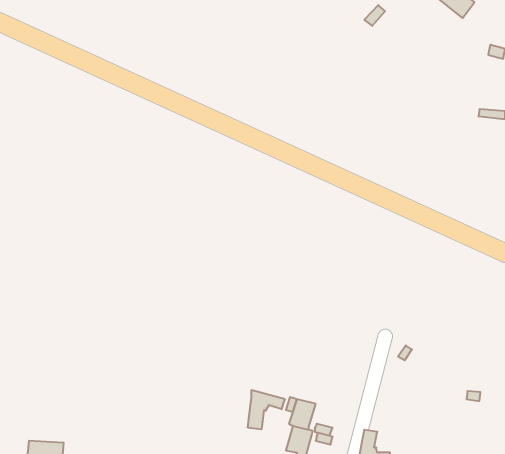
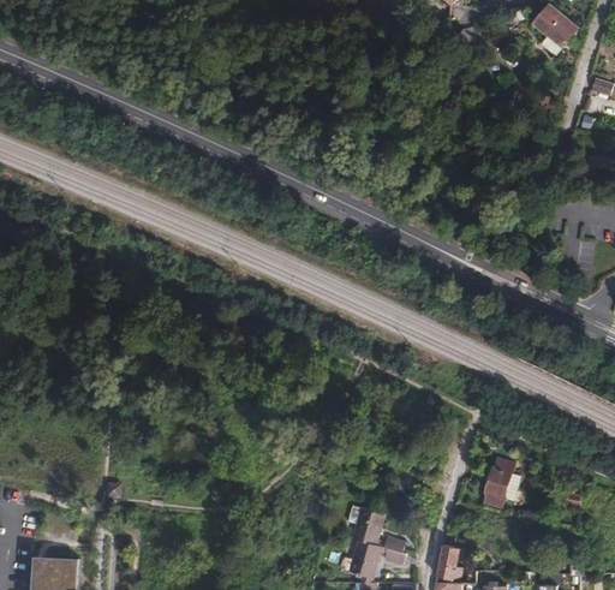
building: none -> [485,464,512,497]
building: [248,390,285,429] -> none

